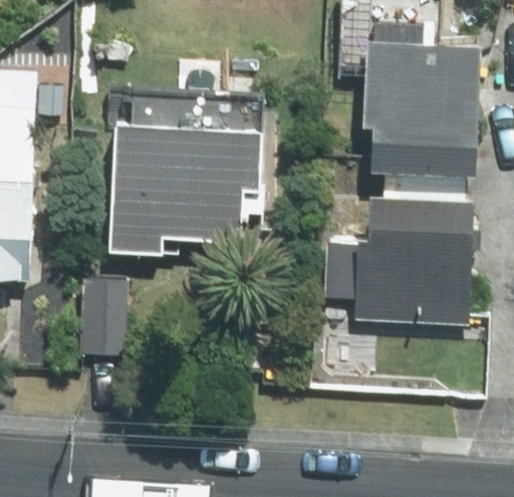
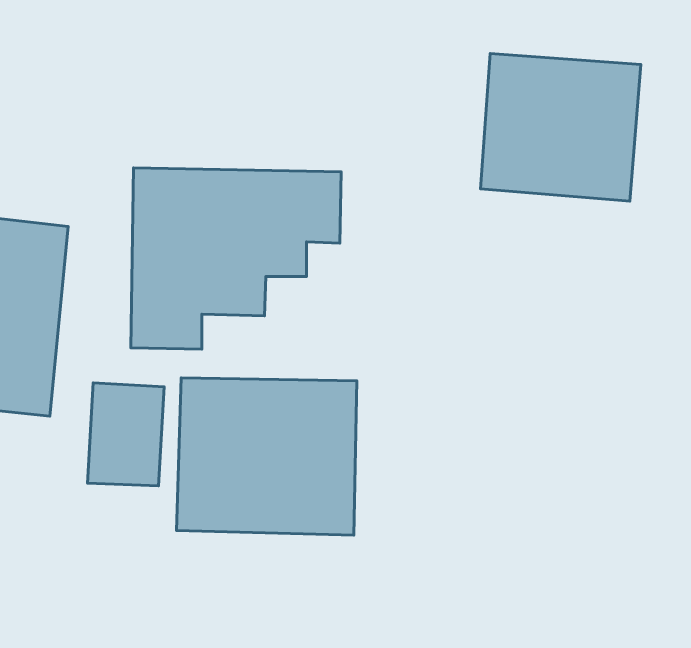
building: [360,194,476,323] -> none
building: none -> [177,378,357,535]

